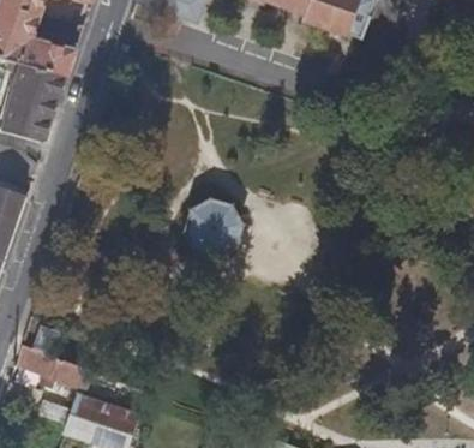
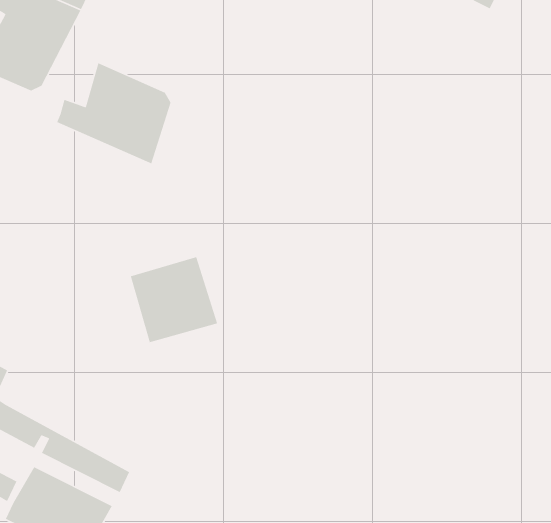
building: none -> [56,62,172,165]
building: [173,189,239,253] -> [130,256,218,343]

